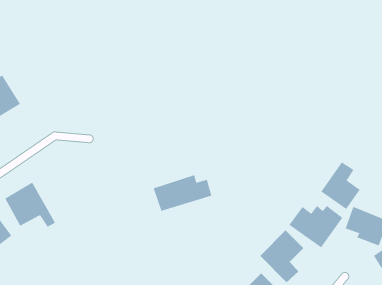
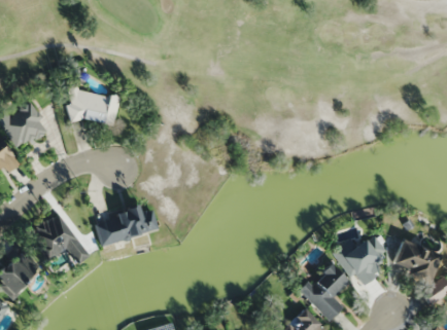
building: none -> [67,83,119,126]
building: [321,162,361,210] -> none
building: [153,174,212,211] -> [93,205,156,244]

